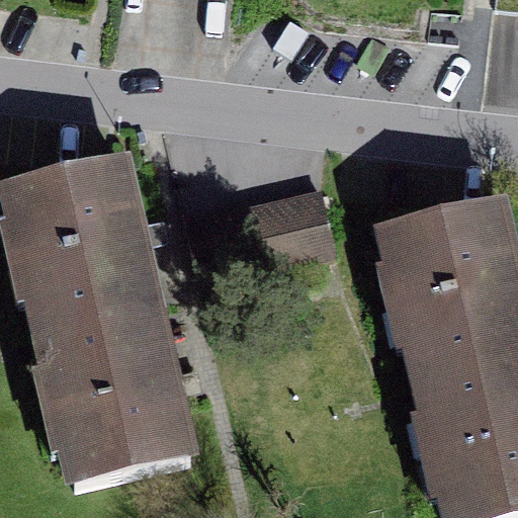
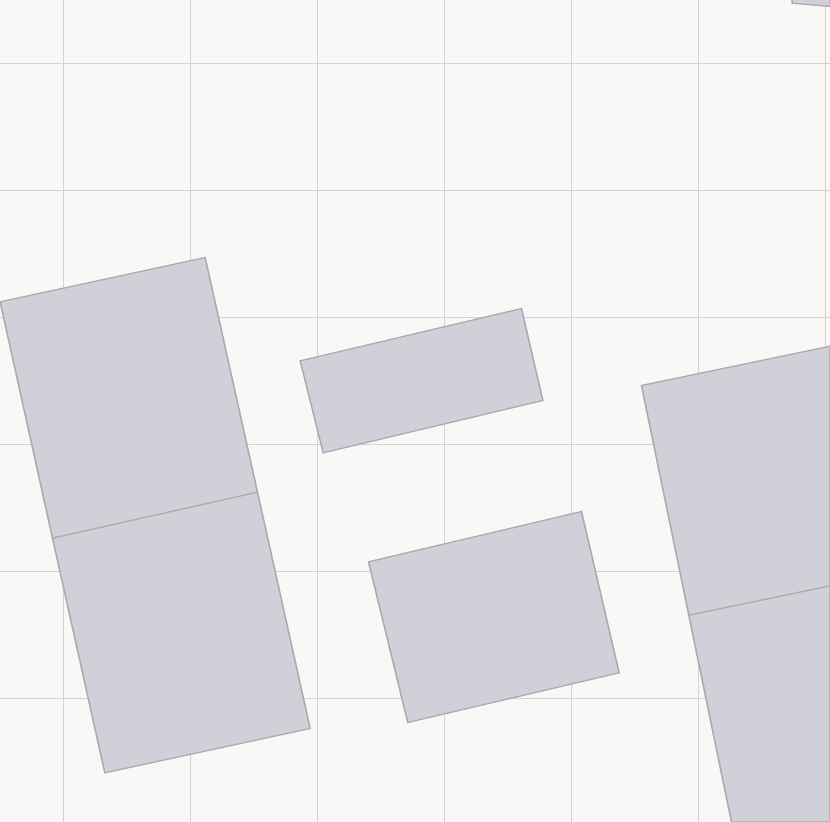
building: none -> [369,511,619,723]

